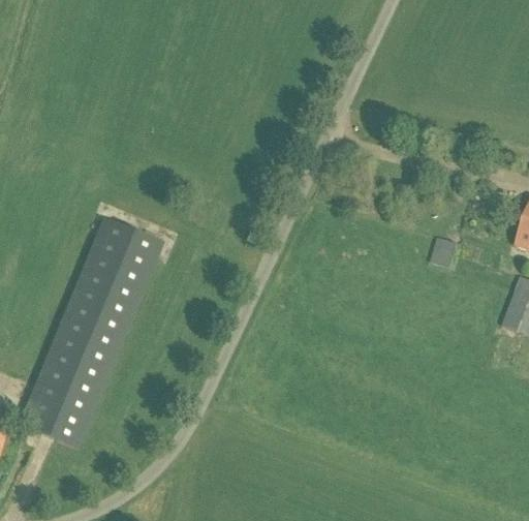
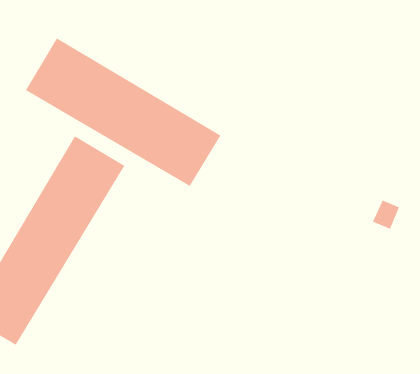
building: none -> [25,37,221,187]

